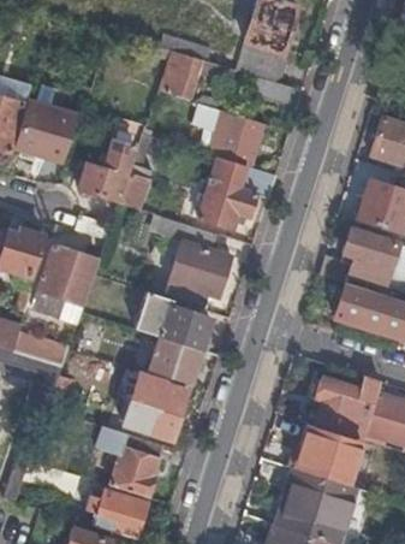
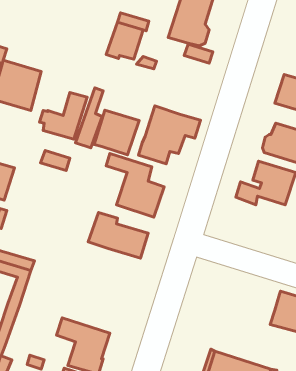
building: [209,112,266,168] -> [94,110,139,155]
building: [34,246,100,317] -> none
building: [335,283,391,331] -> none
building: [150,338,201,382] -> none
building: [124,373,187,439] -> none
building: [315,376,376,432] -> none
building: [299,424,359,474] -> none

